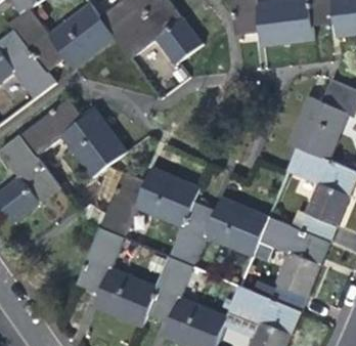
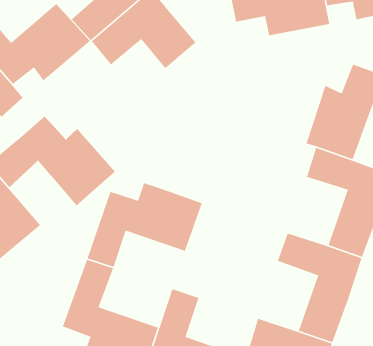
building: [168,184,267,263] -> none

